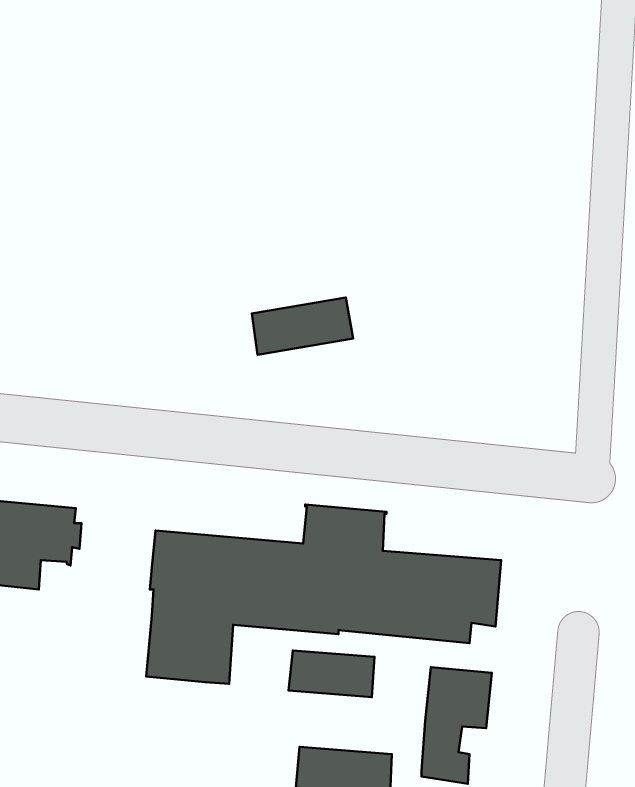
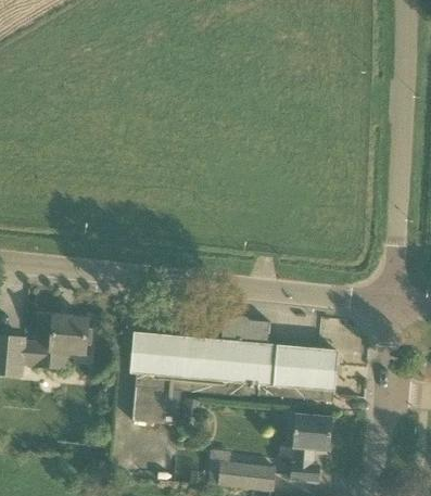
building: [252,297,353,355] -> none
building: [288,651,375,697] -> none

